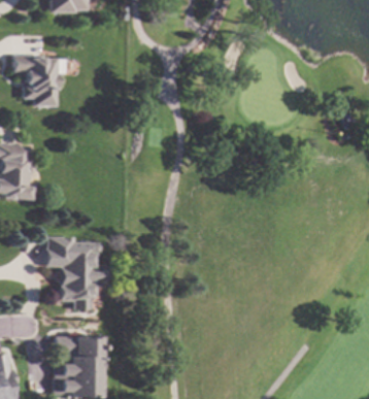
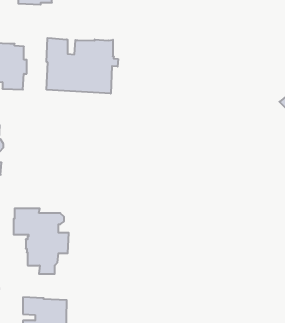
building: none -> [47,38,118,94]

